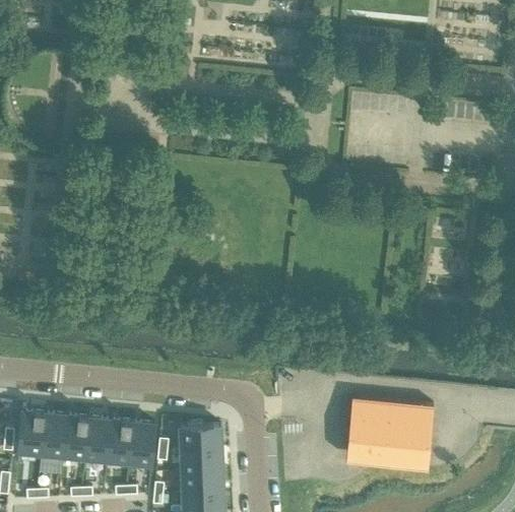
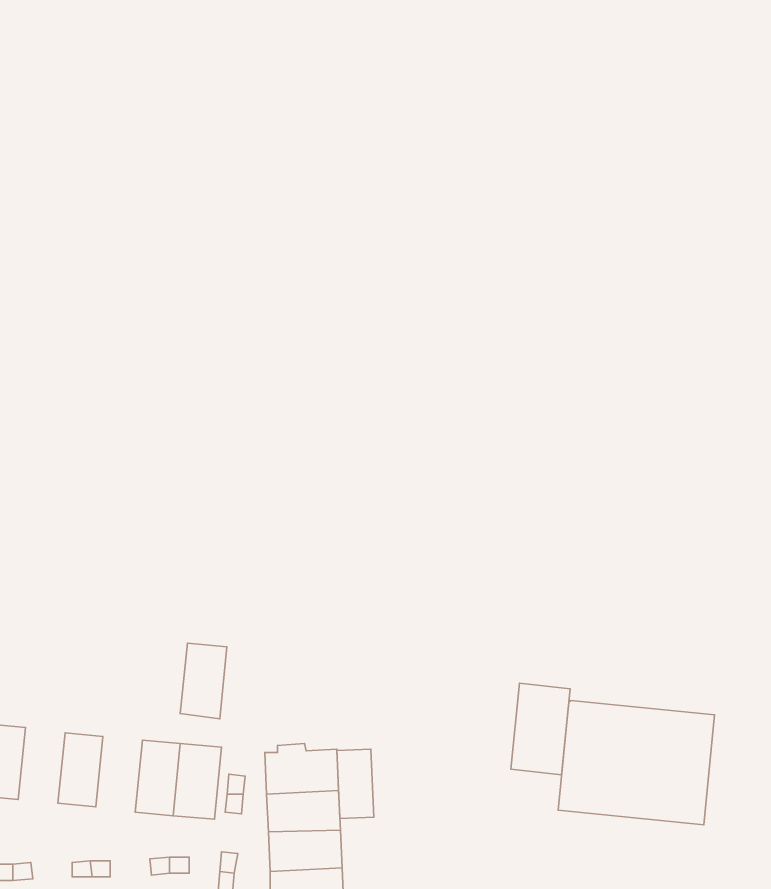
building: none -> [511,683,570,775]
building: [41,414,67,457] -> none
building: [84,420,111,462] -> [180,643,227,719]
building: none -> [337,749,374,818]

